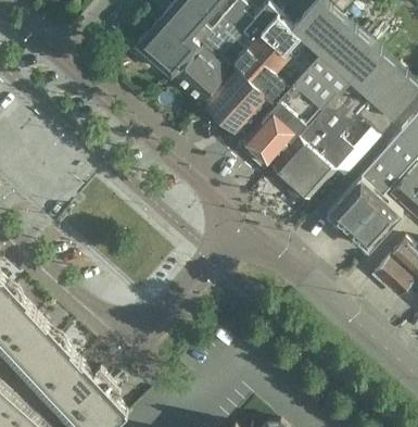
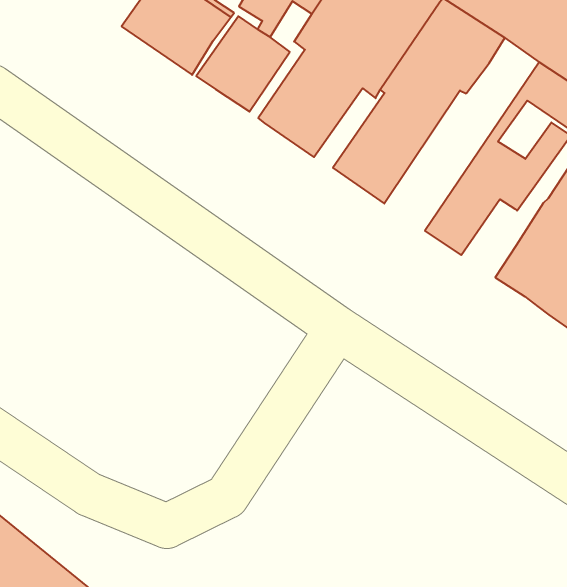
building: [273,81,367,184] -> none

